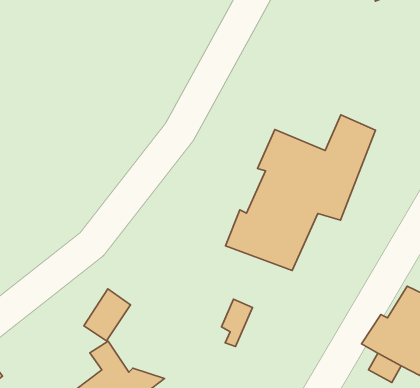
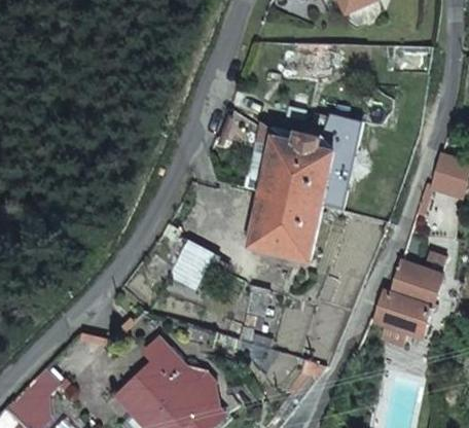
building: [84,289,131,341] -> [175,245,213,290]

